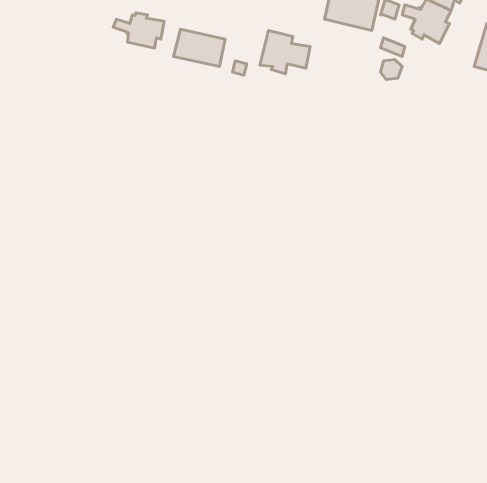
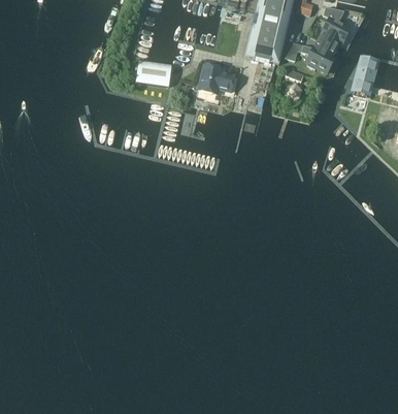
building: [113,13,164,48] -> none

